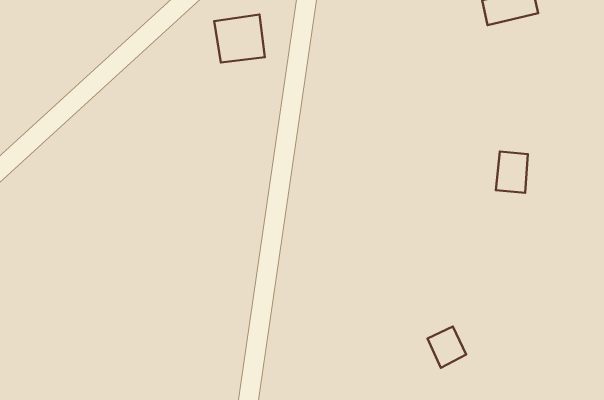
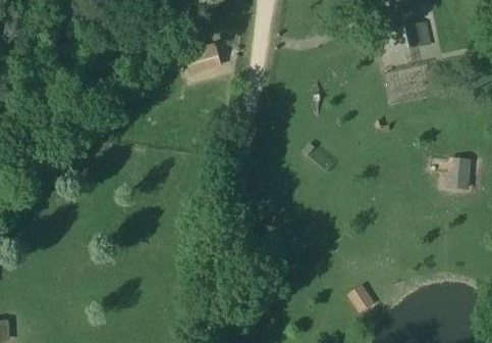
building: [496,152,528,193] -> [447,156,472,188]

